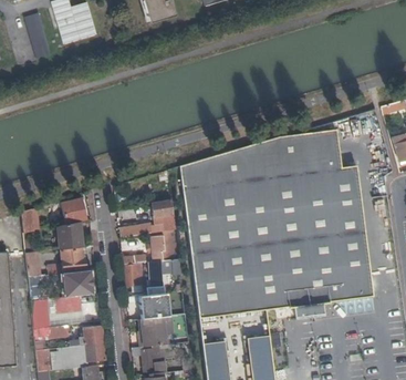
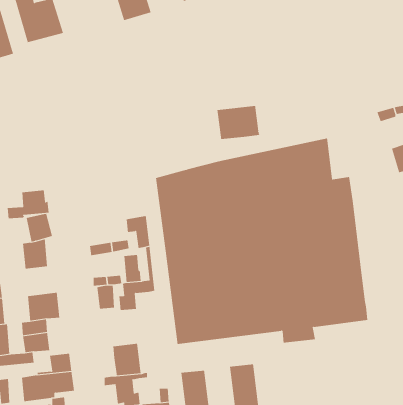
building: none -> [217,105,260,140]
building: [48,247,86,274] -> [7,190,49,219]
building: [138,292,166,318] -> none

